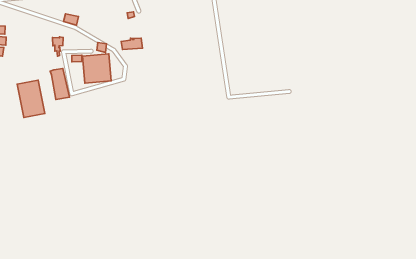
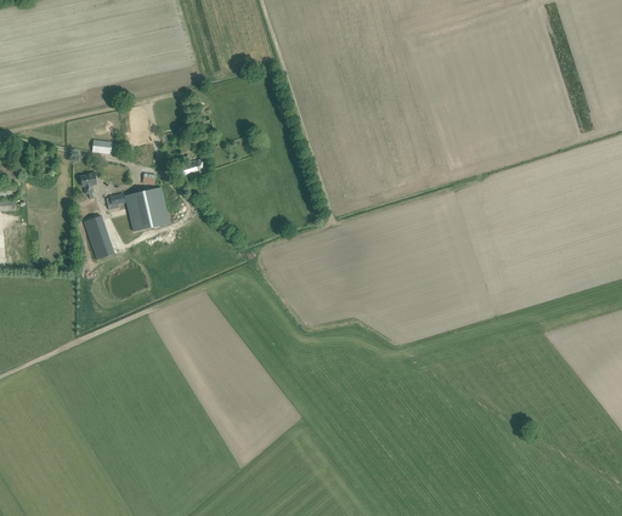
building: [17,80,45,117] -> none

